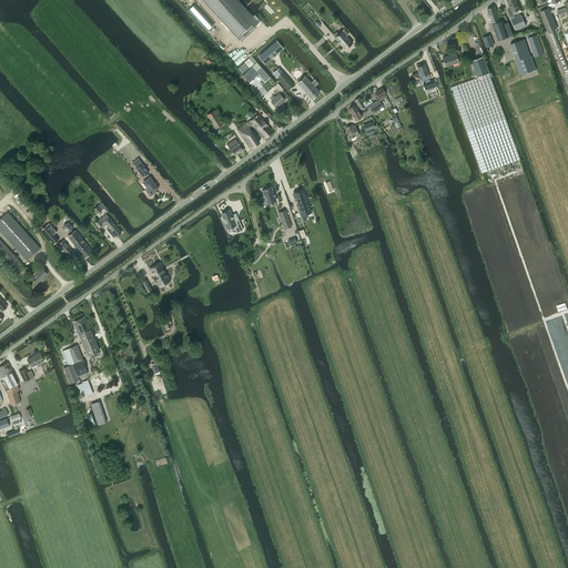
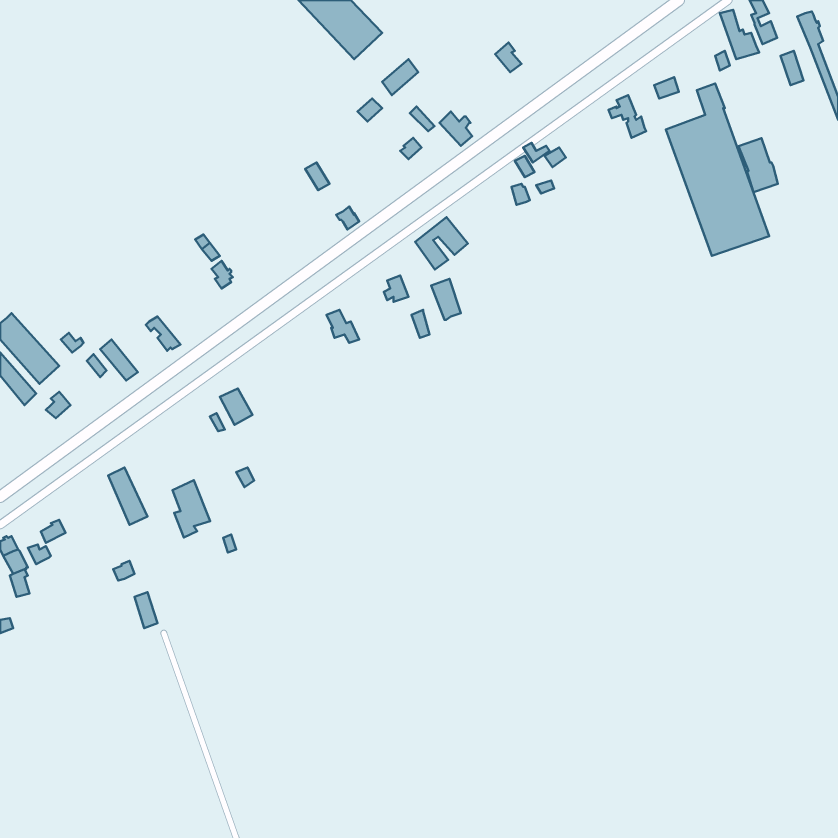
building: [509,39,536,75] -> [739,138,778,192]
building: [237,113,273,149] -> [415,217,468,270]
building: [62,345,88,384] -> [172,480,210,538]

